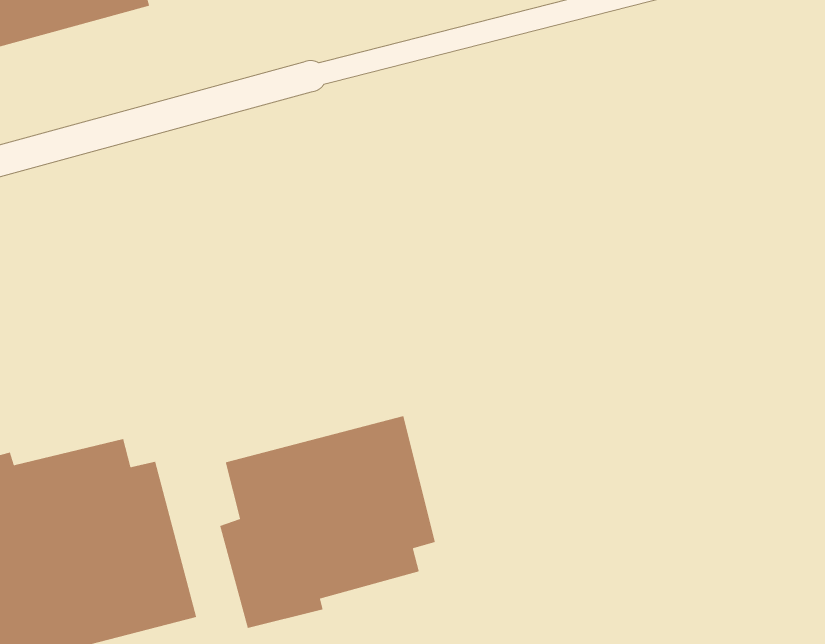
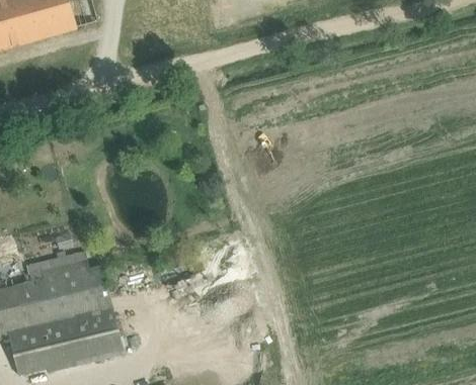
building: [219,415,436,629] -> none

